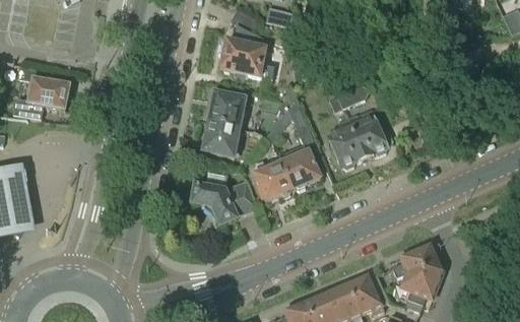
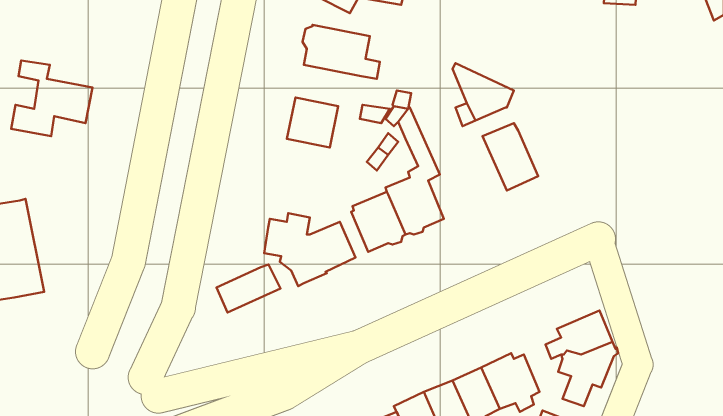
building: [327,119,365,168] -> none
building: [203,121,239,156] -> none
building: none -> [217,265,281,312]

